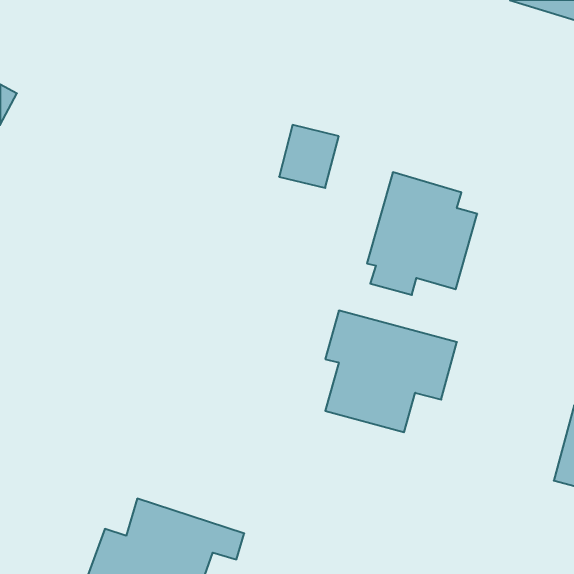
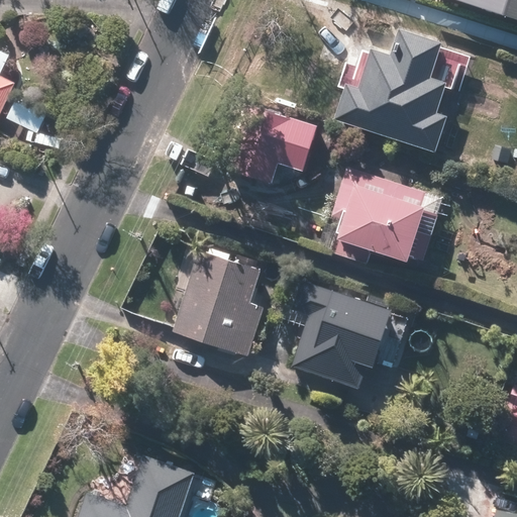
building: none -> [336,33,447,153]
building: none -> [173,251,267,357]

